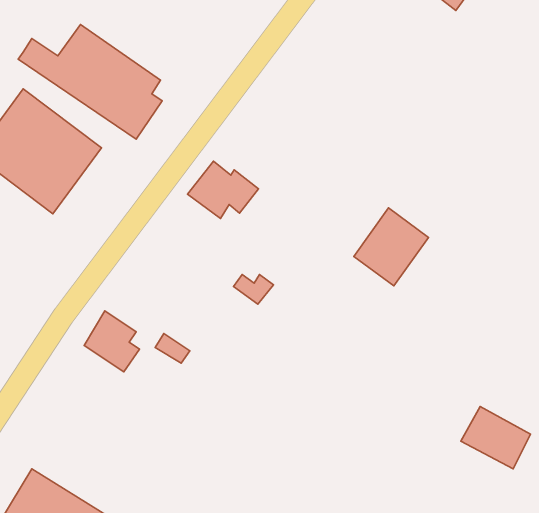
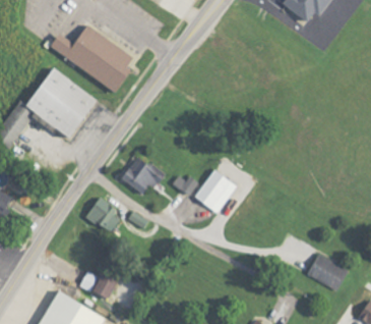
building: [187,161,259,218] -> [121,158,163,192]
building: [354,208,429,286] -> [194,168,238,214]
building: none -> [80,267,119,300]

